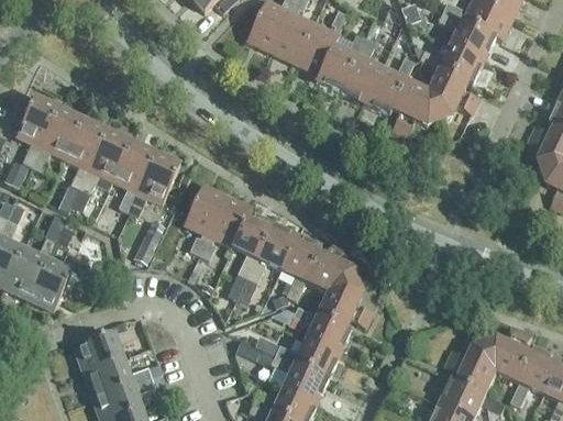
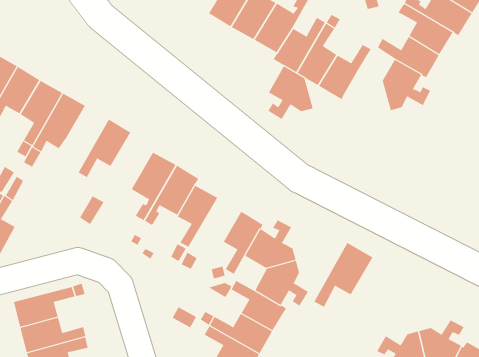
building: [391,80,439,135] -> [268,65,313,120]
building: [113,143,155,211] -> none
building: [247,224,297,281] -> none
building: none -> [314,242,373,308]

